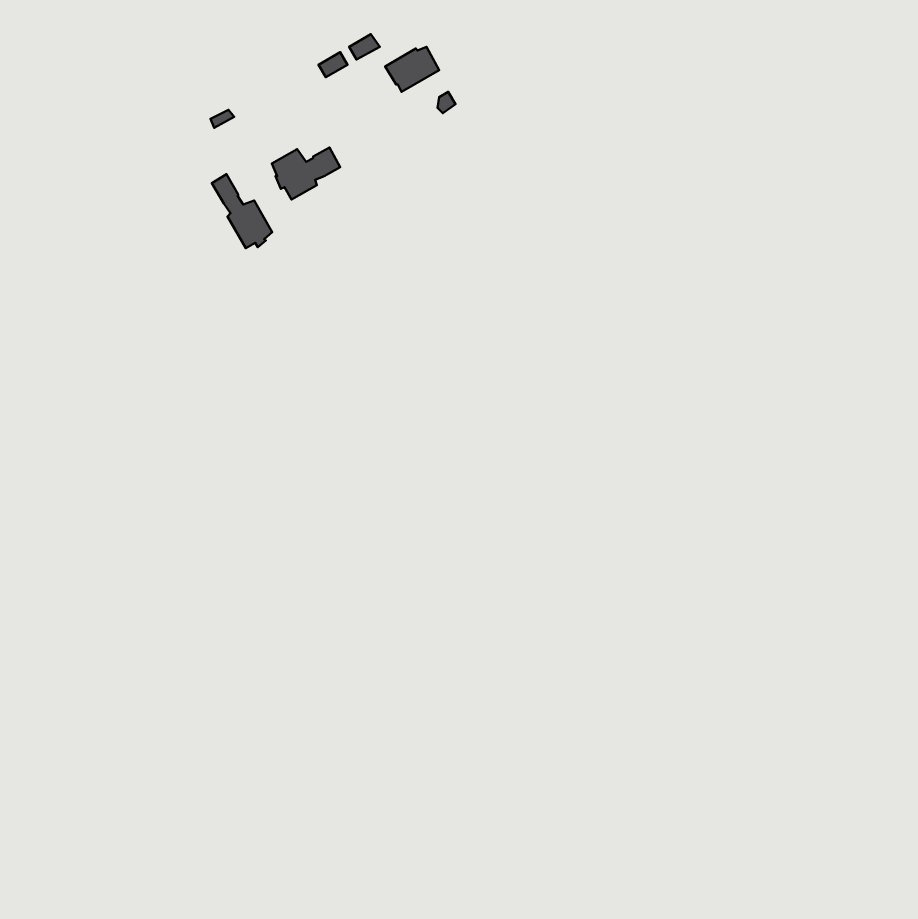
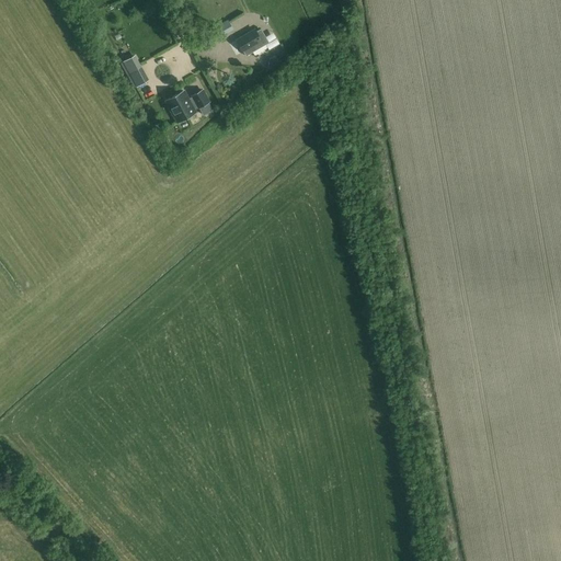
building: [212,174,272,248] -> none

